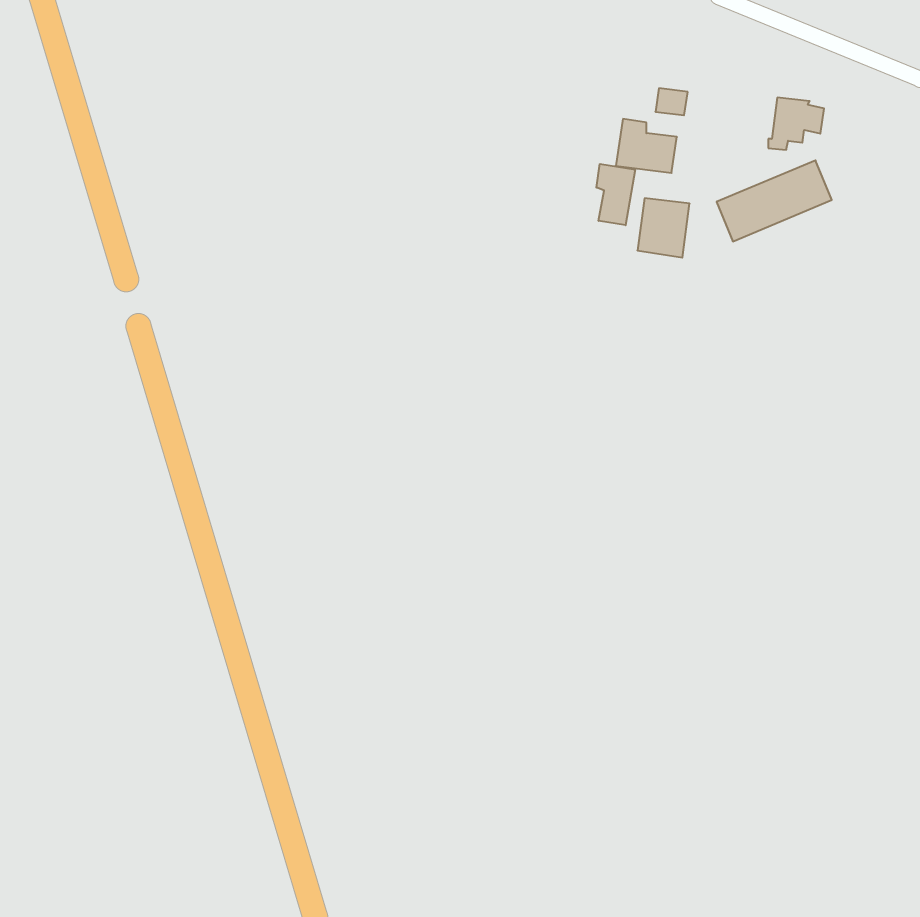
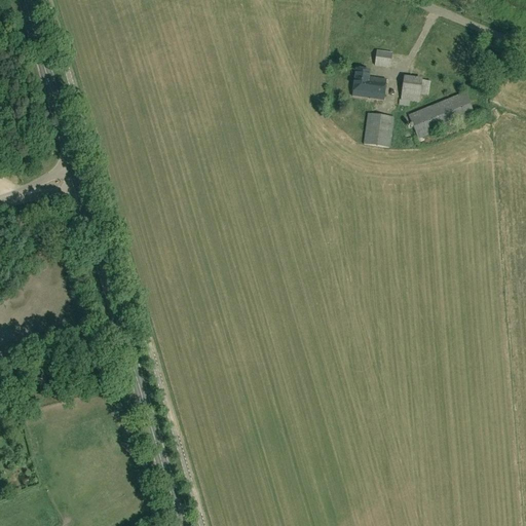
building: [768,98,824,150] -> [399,75,430,105]
building: [596,164,635,225] -> none

